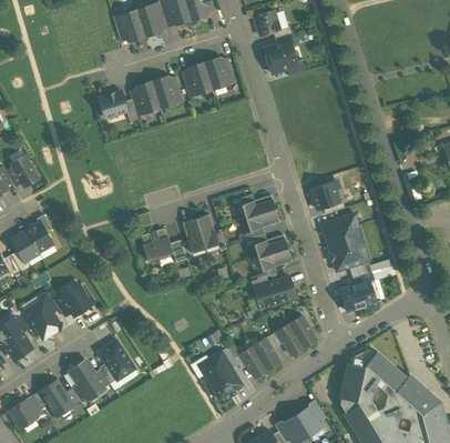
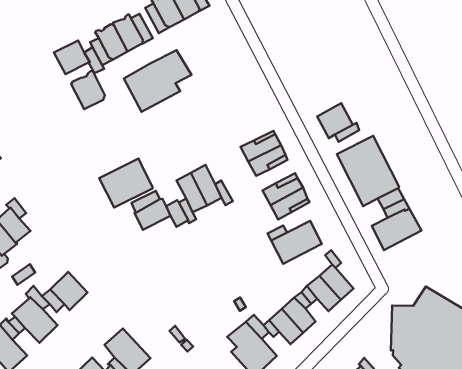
building: none -> [124,50,192,112]
building: none -> [71,71,105,109]
building: none -> [99,158,153,207]

